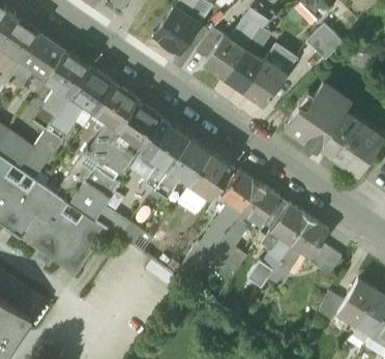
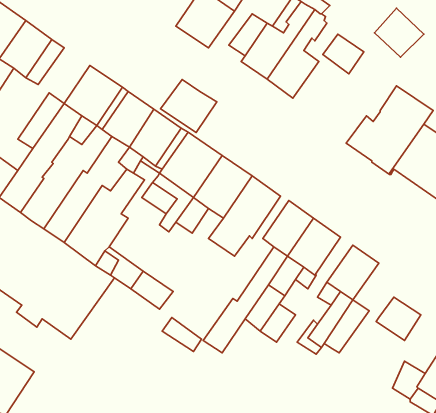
building: [51,54,90,96] -> none
building: [244,59,287,107] -> none
building: none -> [161,80,217,132]
building: [290,217,329,259] -> none

